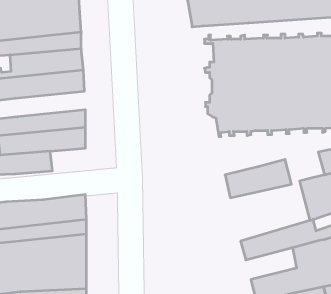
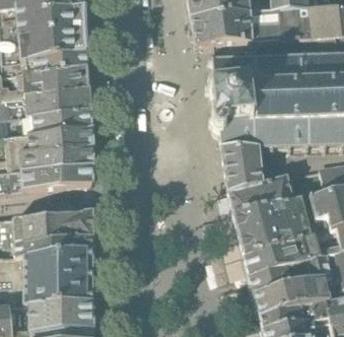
building: none -> [22,109,91,134]
building: none -> [222,147,262,191]
building: none -> [57,164,92,187]
building: none -> [233,197,312,256]
building: none -> [249,262,298,293]

